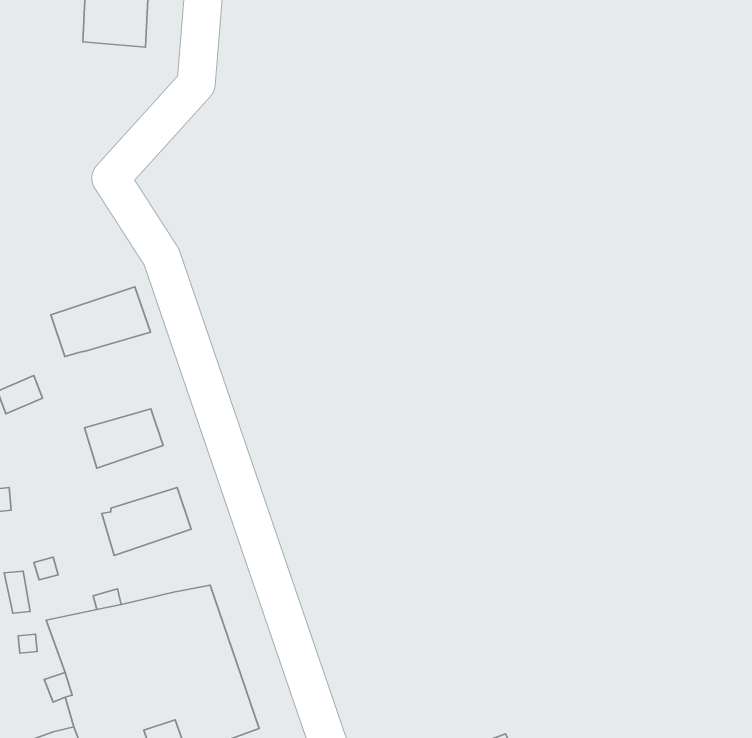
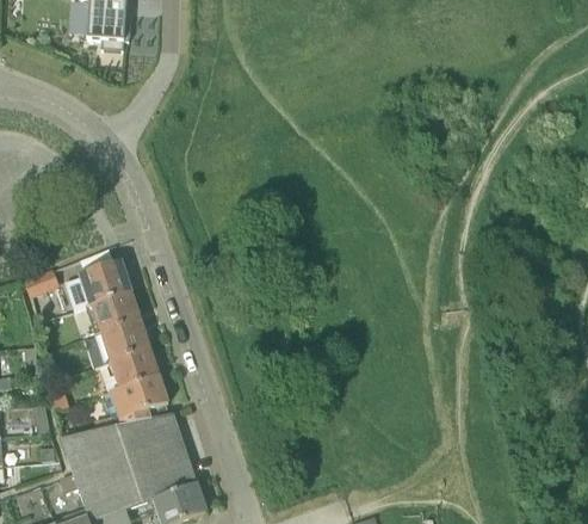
building: [51,287,151,357] -> [63,263,131,310]
building: none -> [94,319,149,362]
building: none -> [106,376,167,426]

